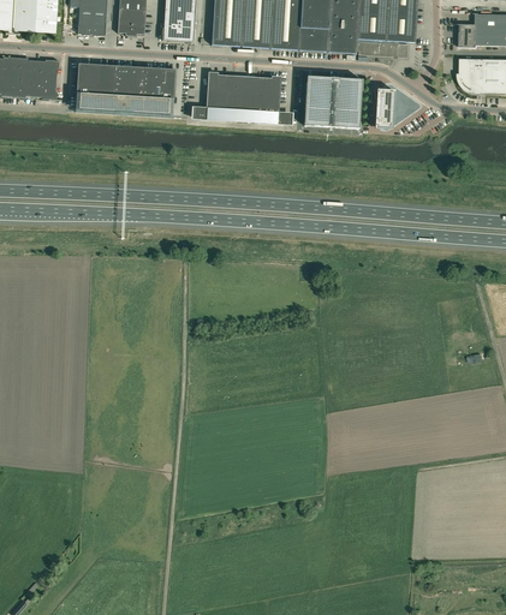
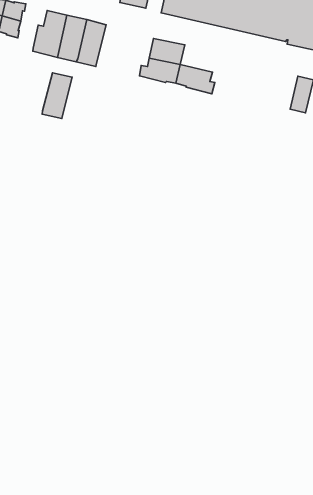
building: [149,67,175,117] -> [42,73,72,119]
building: [243,74,281,100] -> none
building: [304,76,361,125] -> none

